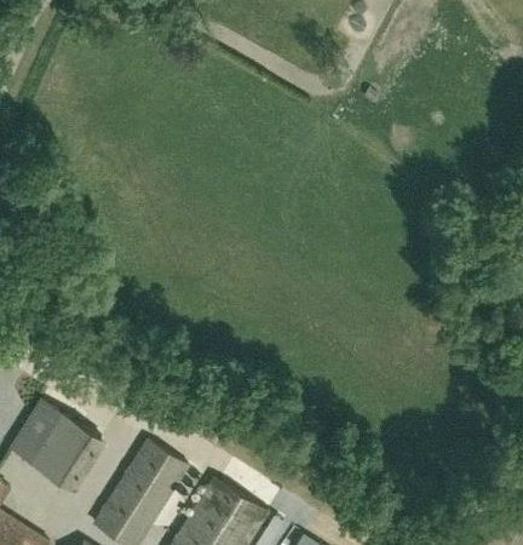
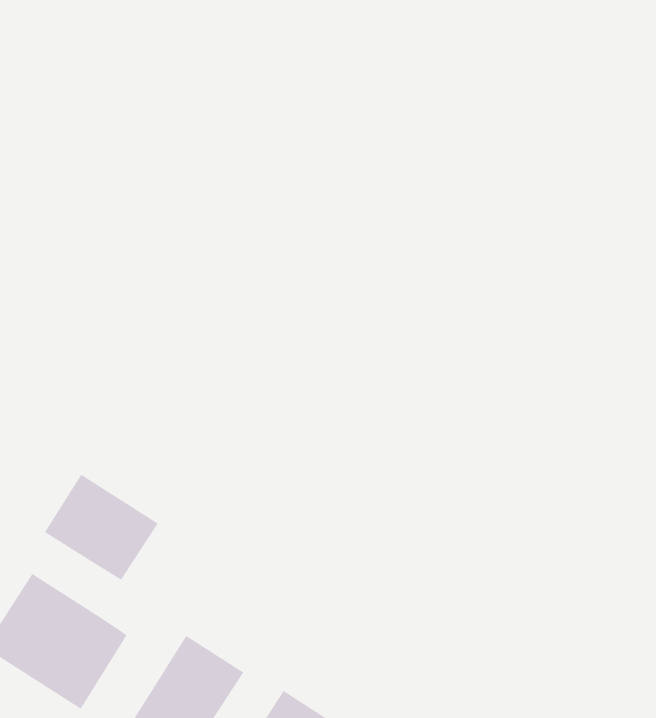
building: none -> [44,474,159,580]

